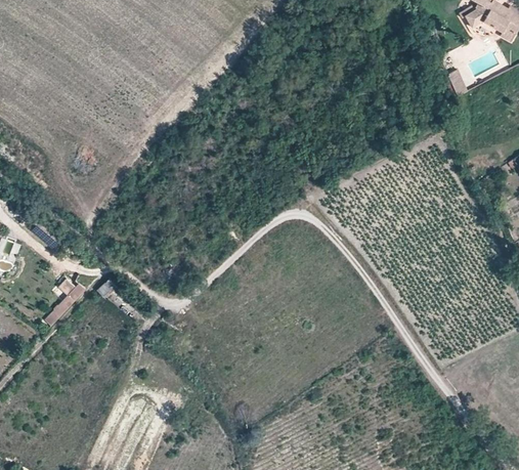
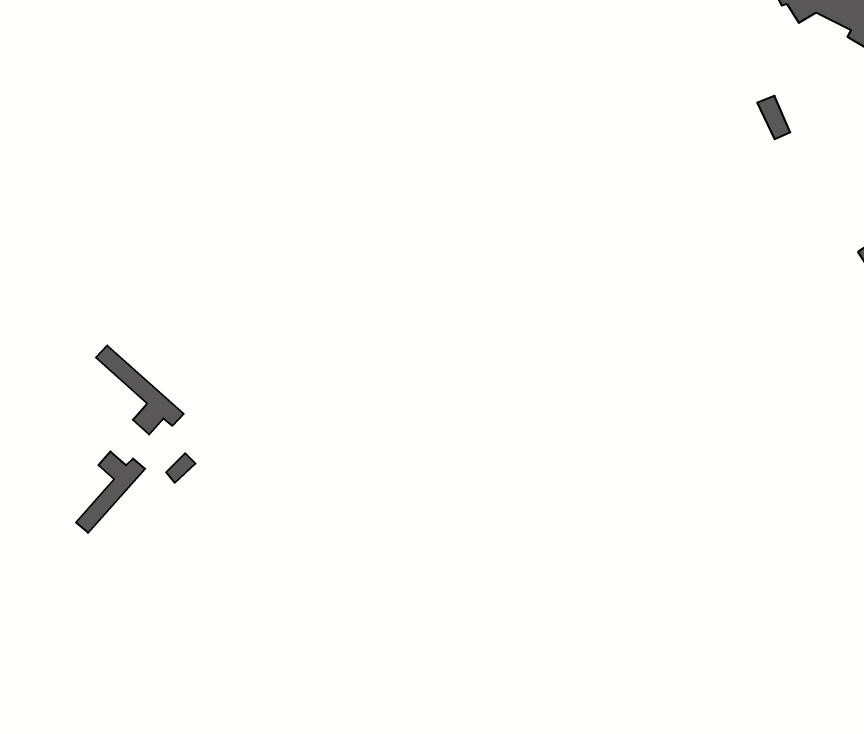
building: none -> [96,345,184,435]

